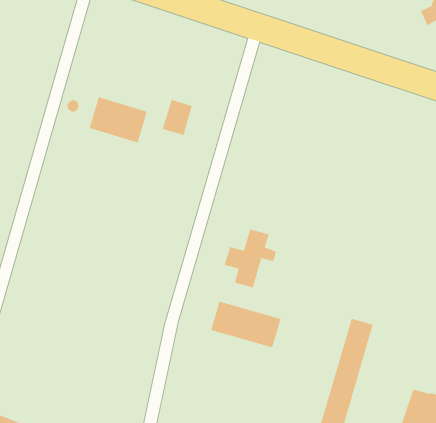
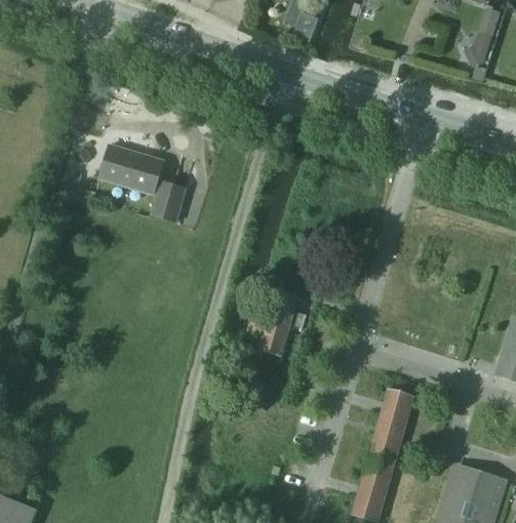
building: [162,99,193,136] -> [152,182,186,222]
building: [211,301,281,348] -> none

